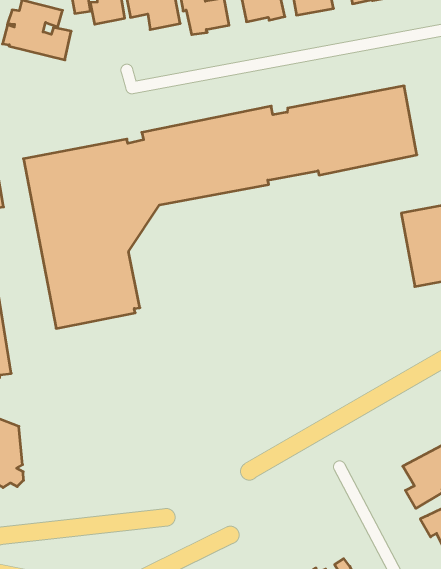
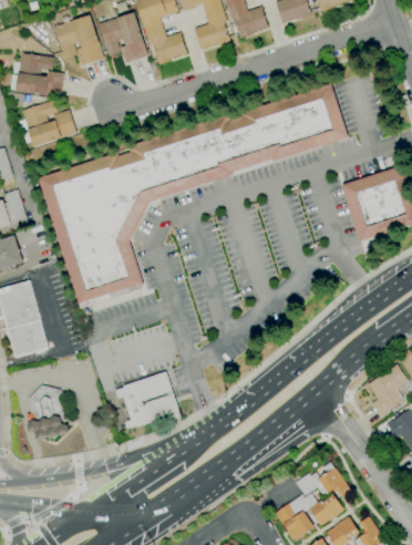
building: none -> [19,101,76,147]
building: none -> [114,372,181,429]

